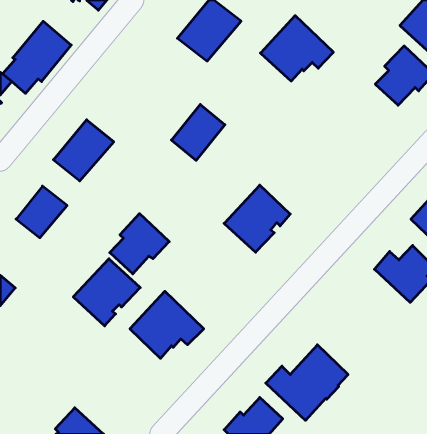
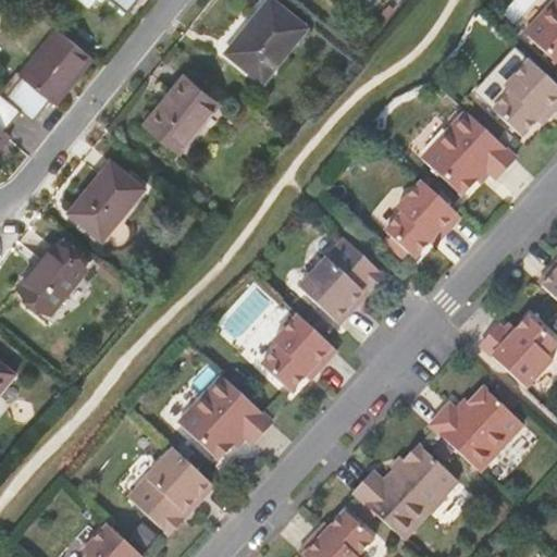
building: [260,16,333,81] -> [419,110,512,194]
building: [171,104,225,160] -> [160,73,228,145]
building: none -> [382,180,458,257]
building: [110,214,169,274] -> [258,313,334,391]
building: [73,259,140,326] -> [125,447,211,533]
building: none -> [435,394,529,478]

